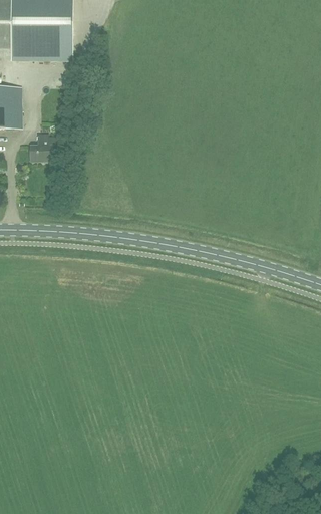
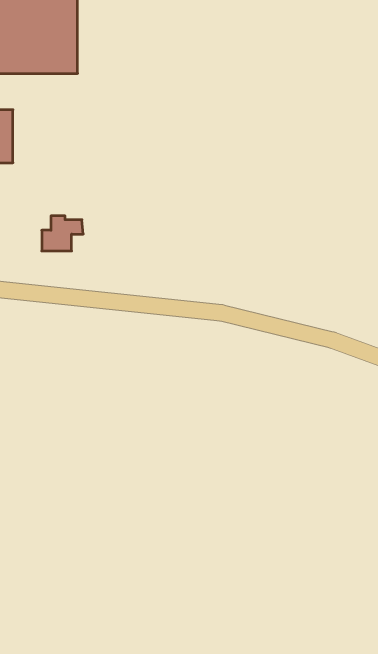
building: [30,132,62,159] -> [42,216,83,251]

